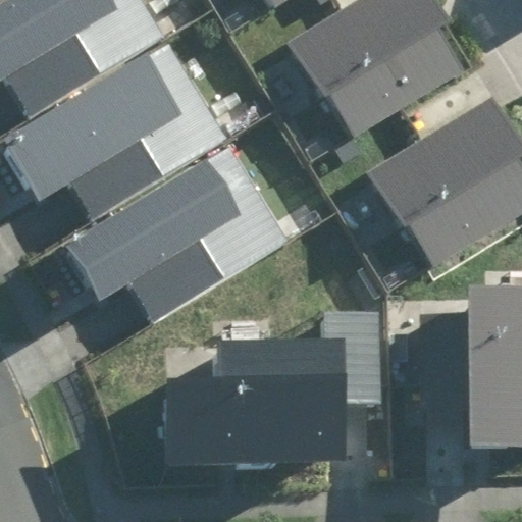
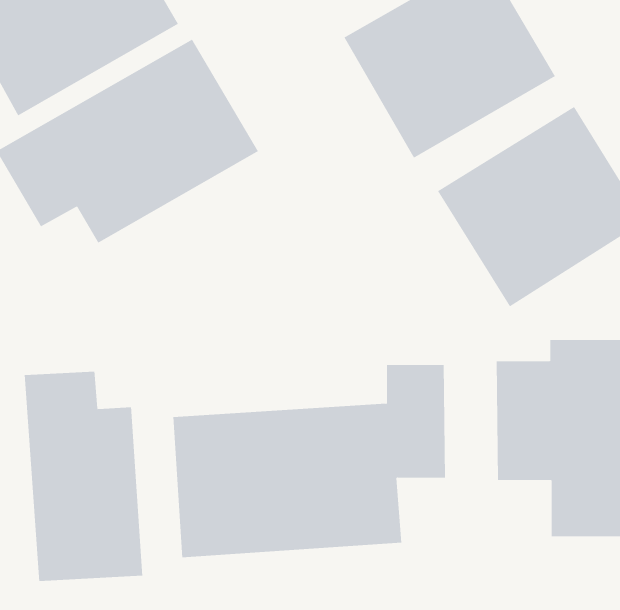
building: [68,147,283,315] -> none
building: none -> [24,371,143,582]

